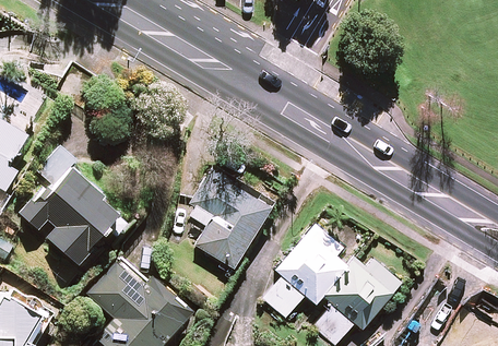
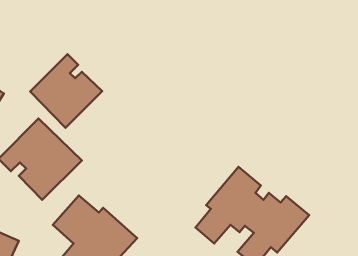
building: none -> [30,54,102,128]
building: [189,166,272,269] -> none

